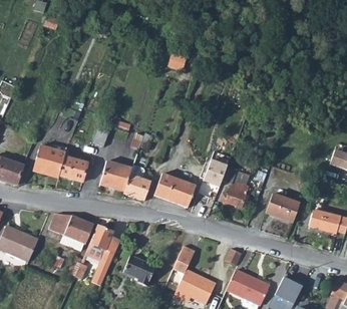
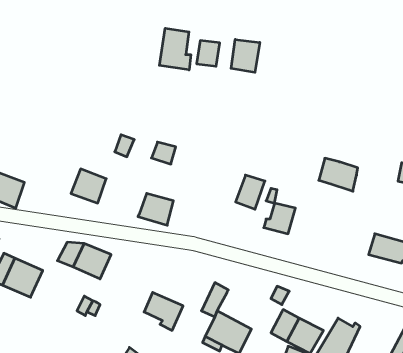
building: none -> [159,28,191,70]
building: none -> [231,39,260,72]
building: [39,143,74,175] -> none
building: [96,161,128,192] -> none
building: [151,173,194,208] -> none
building: [267,195,299,222] -> [319,158,358,191]
building: [86,227,121,282] -> none

